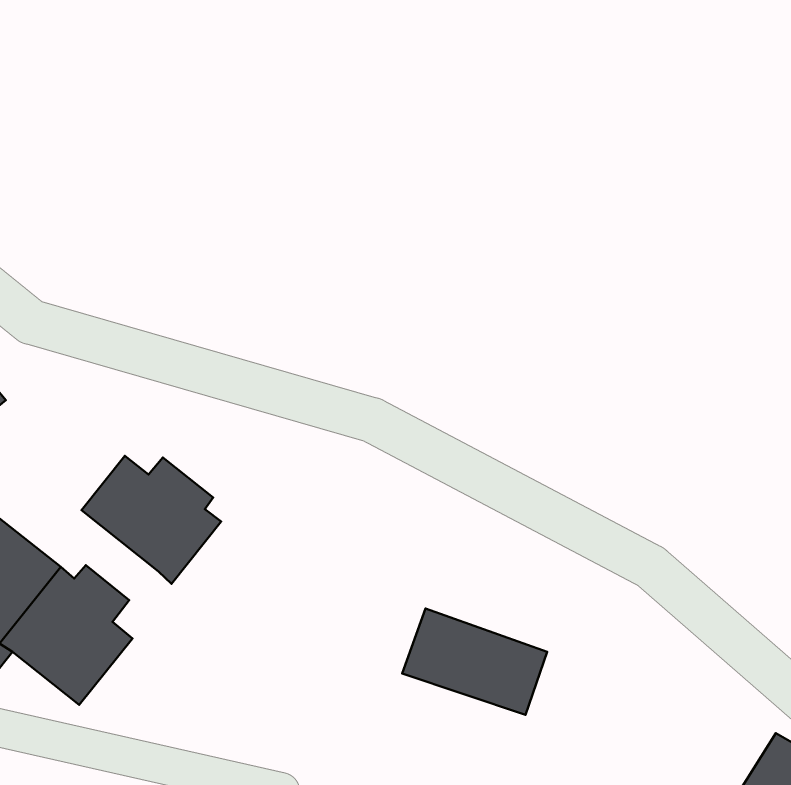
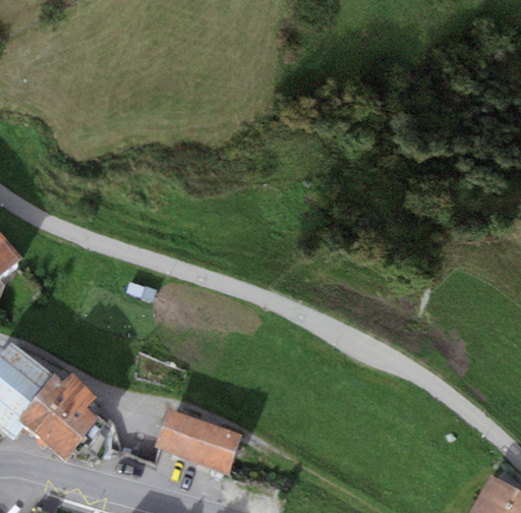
building: [82,456,221,584] -> none
building: [402,608,547,715] -> [153,407,241,472]

